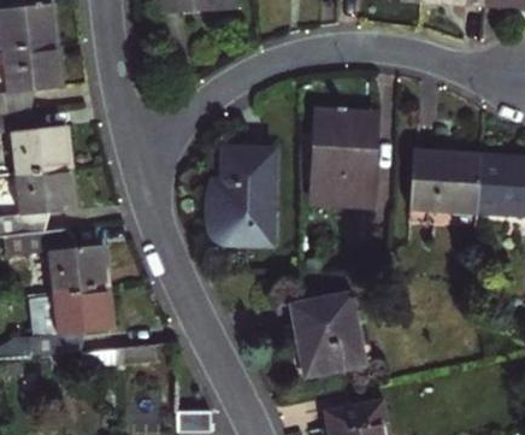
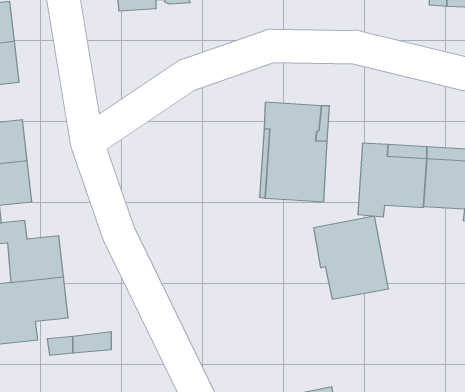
building: [207,147,276,246] -> none
building: [290,292,367,377] -> [314,216,389,299]

